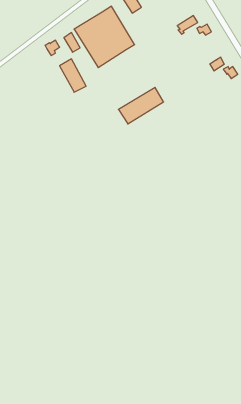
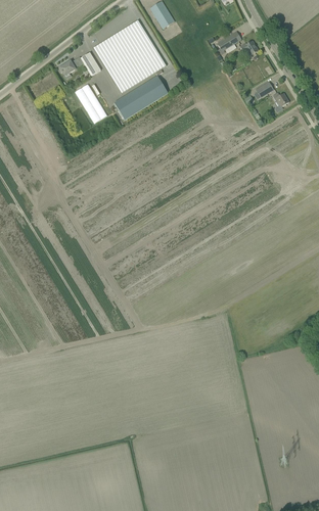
building: [118,87,164,124] -> [113,76,168,120]

